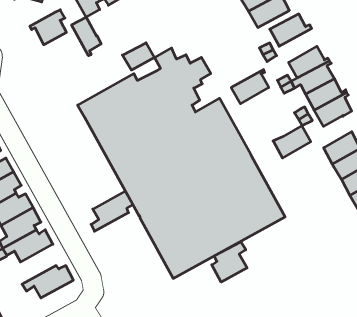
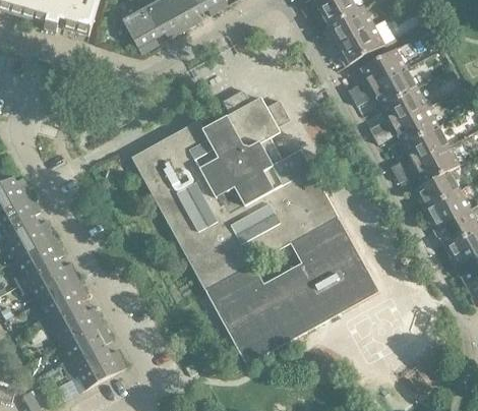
building: [30,10,66,45] -> none
building: [72,17,101,56] -> none
building: [122,43,154,70] -> none
building: [231,70,269,104] -> [372,65,417,106]
building: [273,126,311,158] -> [414,169,459,208]
building: [91,191,133,231] -> [62,322,112,370]
building: [212,242,247,282] -> none

